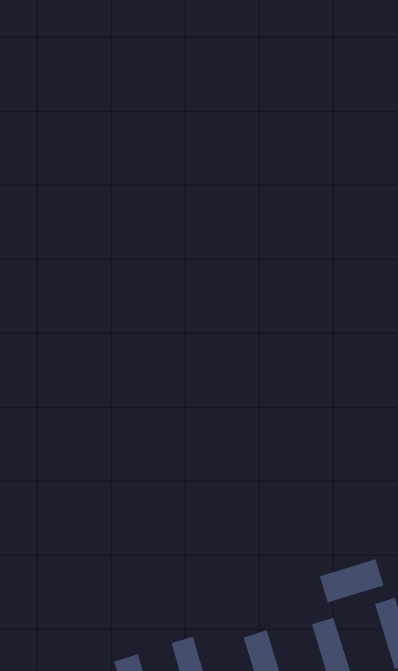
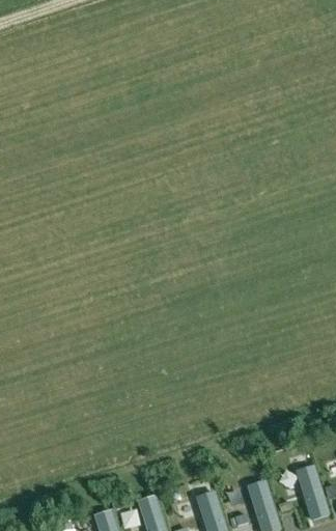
building: [319,558,384,603] -> none

